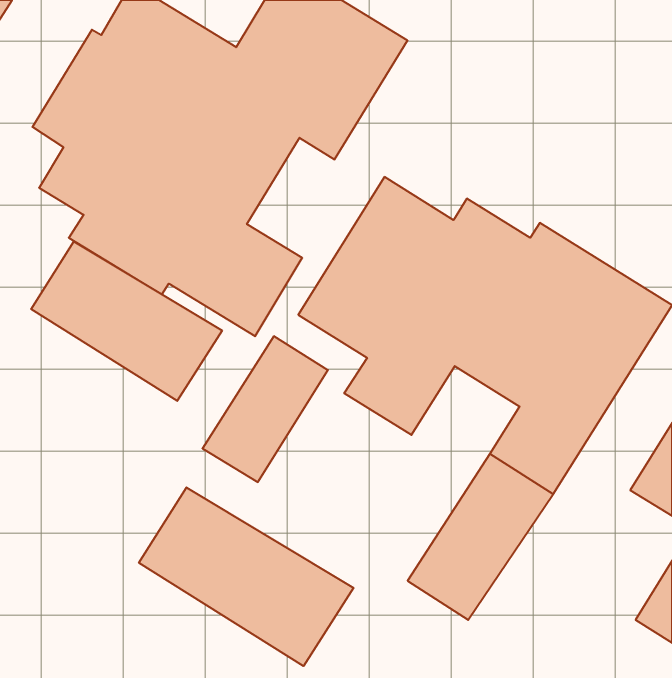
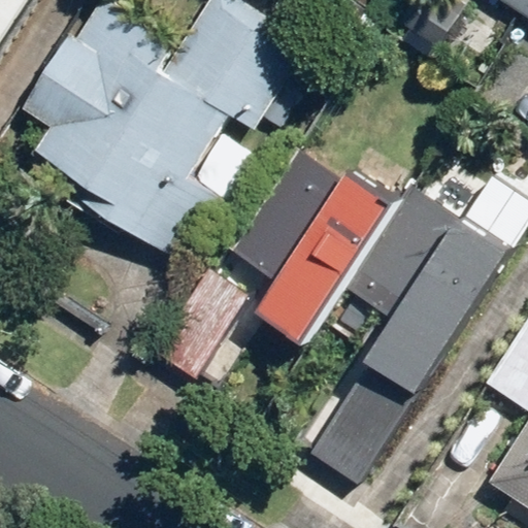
building: [31,242,222,401] -> none
building: [139,487,353,666] -> none

